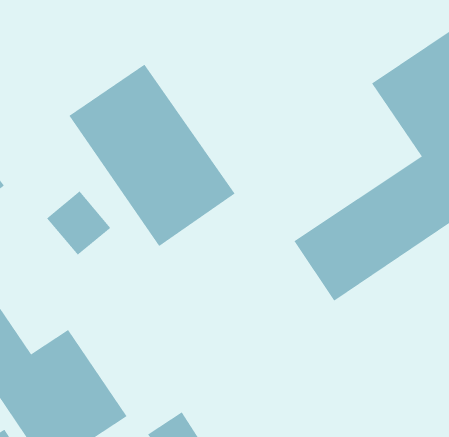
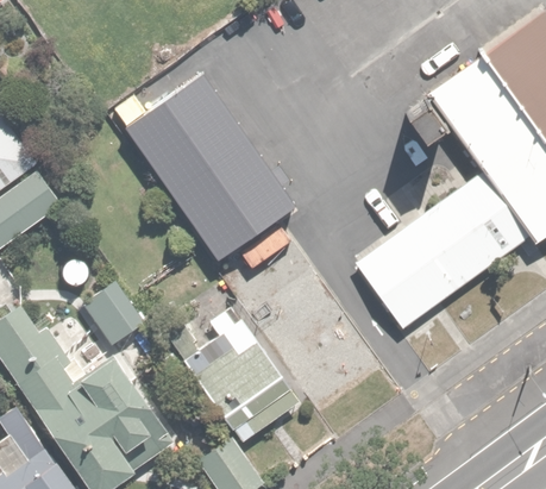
building: [46,191,111,255] -> [79,276,145,343]
building: none -> [190,322,300,440]

